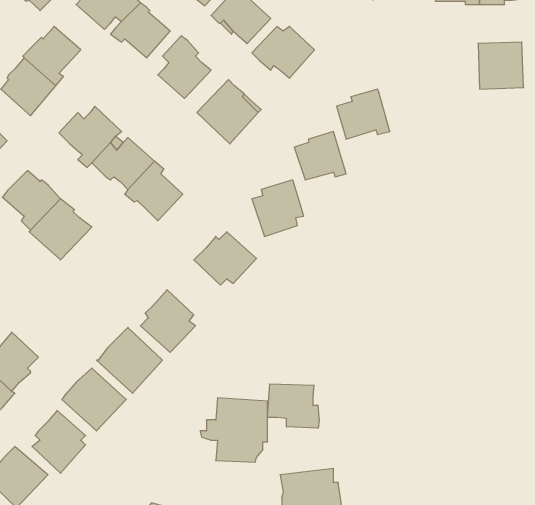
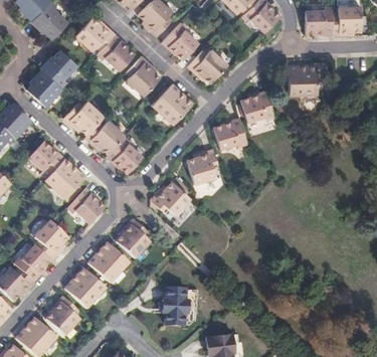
building: [478,42,524,89] -> [289,62,318,93]
building: none -> [65,189,105,224]
building: none -> [33,220,68,260]
building: [268,384,319,428] -> none

